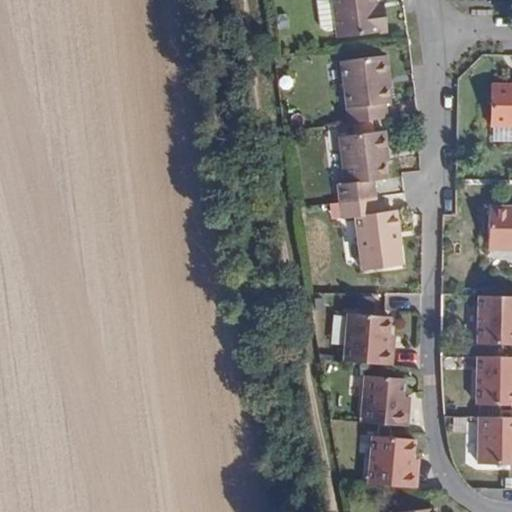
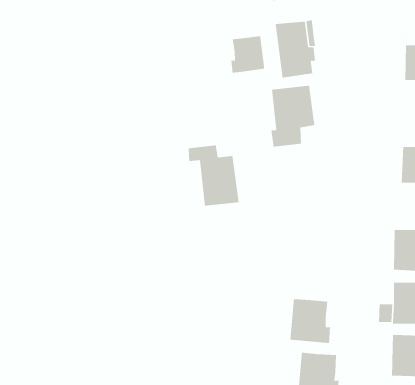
building: none -> [231,36,265,74]
building: [341,198,400,268] -> [188,145,239,206]
building: [344,312,392,365] -> none

